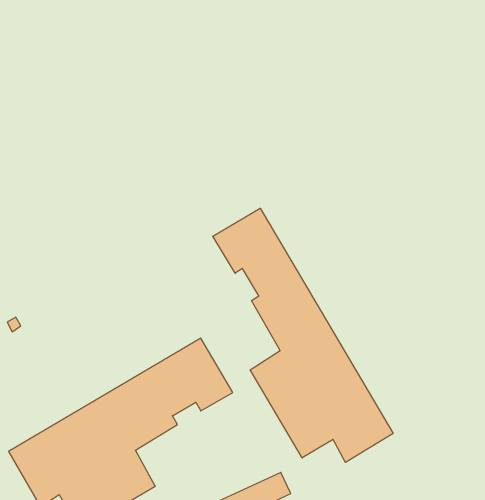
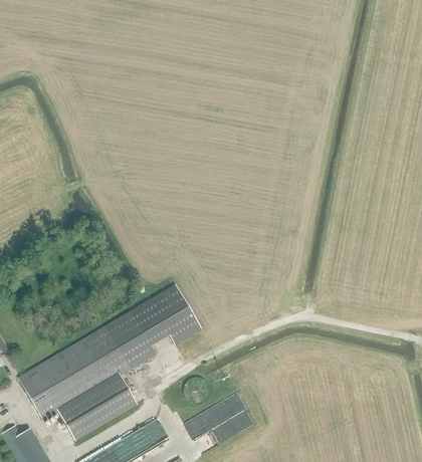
building: [213,208,393,462] -> none

